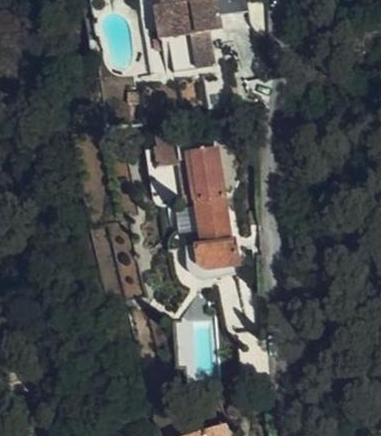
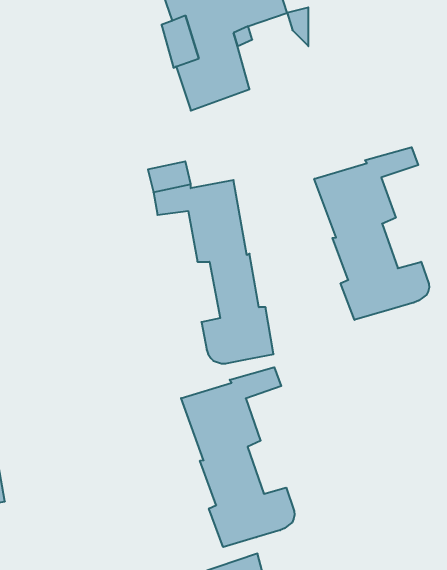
building: none -> [314,147,429,320]
building: none -> [181,367,295,547]

